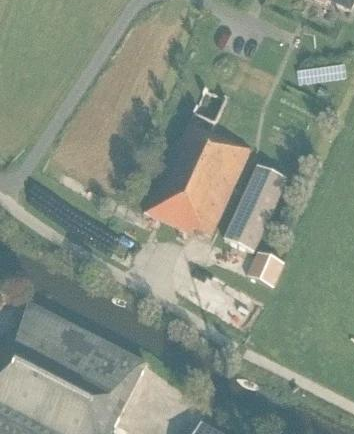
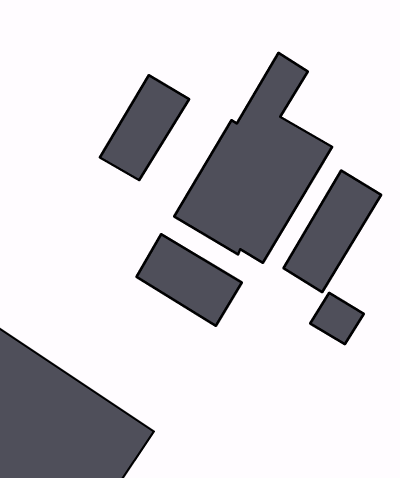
building: none -> [100,75,189,180]
building: none -> [136,234,242,326]

